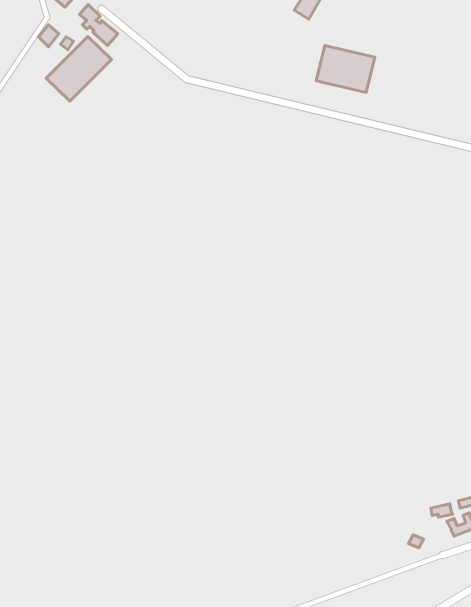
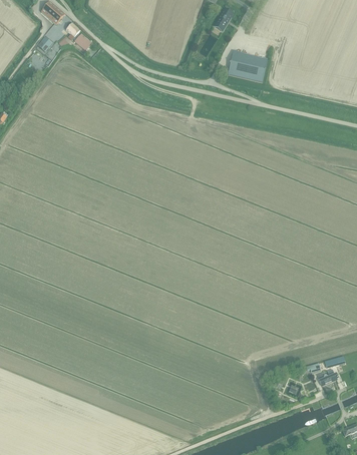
building: [46,37,111,101] -> none

